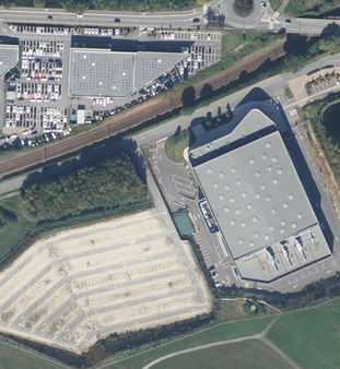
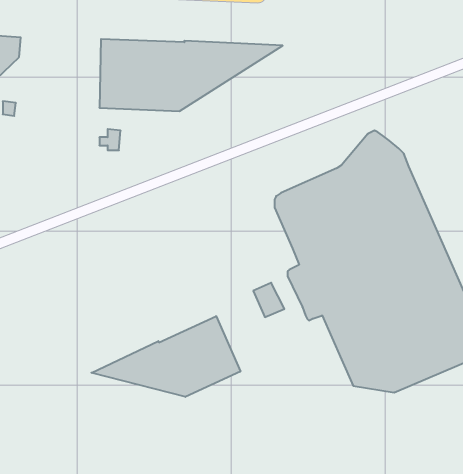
building: none -> [91,316,240,397]

